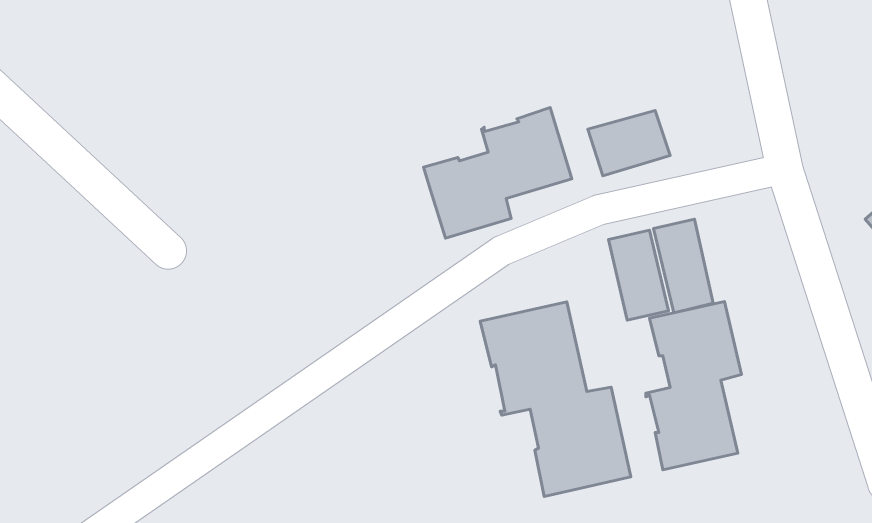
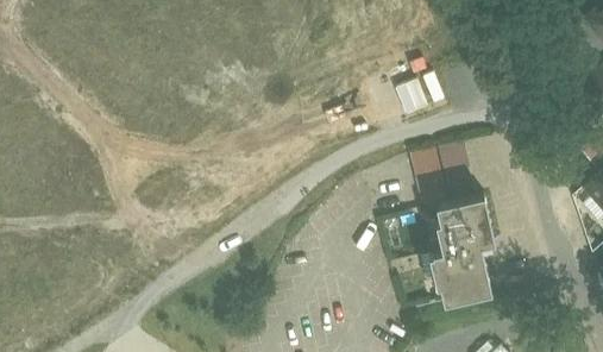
building: [424,108,572,238] -> none
building: [480,302,631,496] -> none

